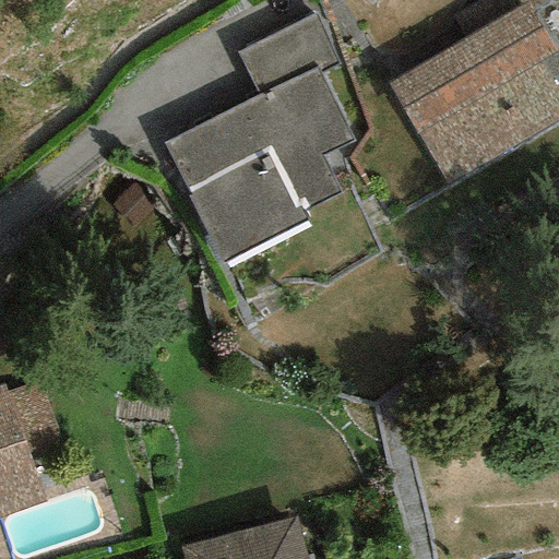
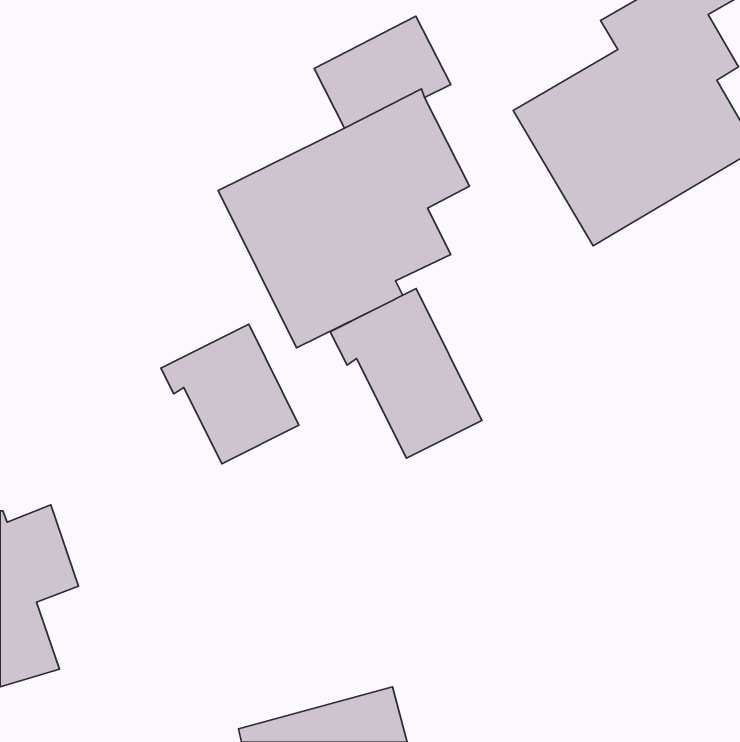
building: none -> [330,289,482,458]
building: none -> [161,324,299,464]

